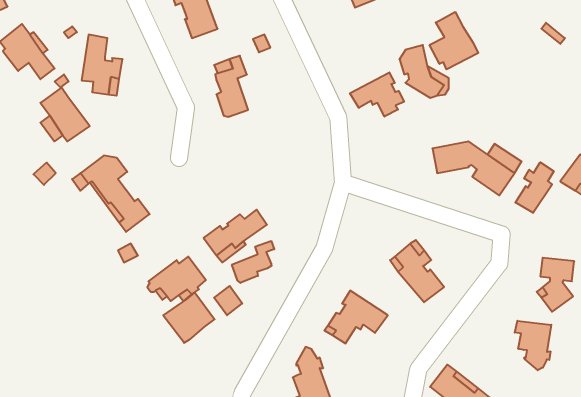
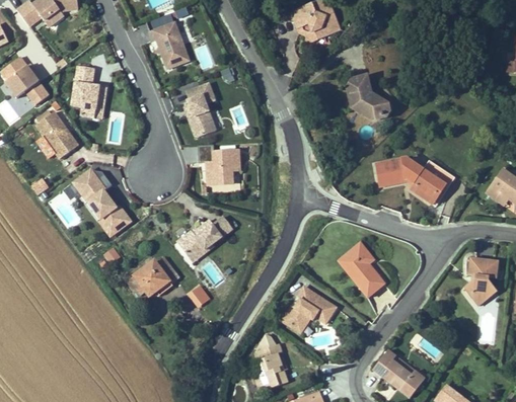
building: [430,12,478,69] -> none
building: [350,72,404,117] -> none
building: none -> [198,144,239,184]
building: [515,162,554,213] -> none
building: [232,241,274,283] -> none
building: [163,292,215,343] -> none
building: [515,321,551,370] -> none

